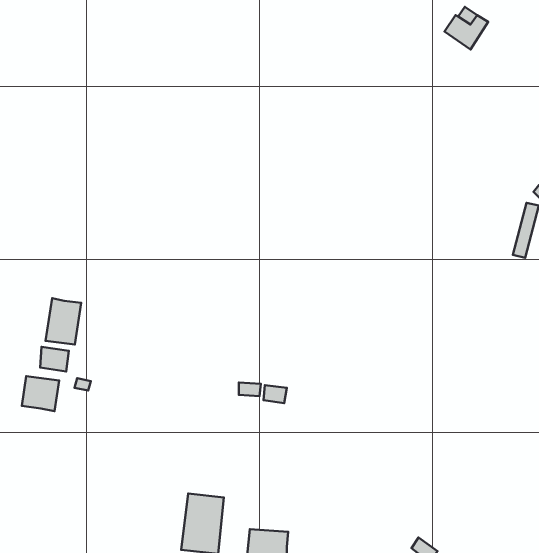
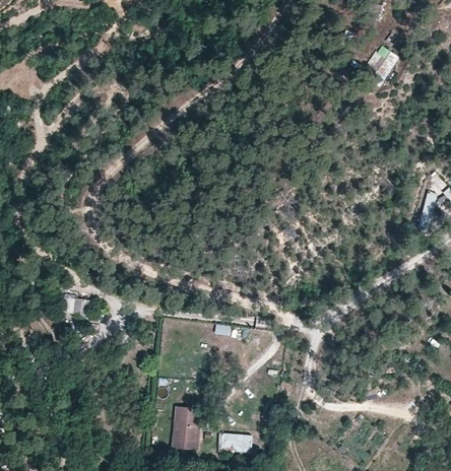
building: [46,298,81,344] -> none
building: [22,376,59,411] -> none

